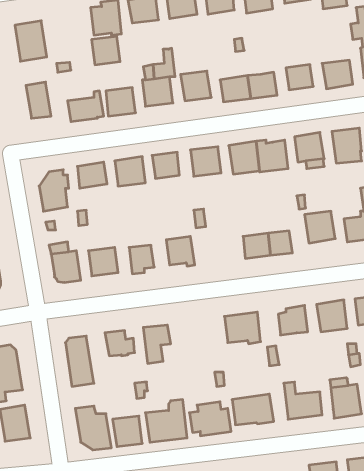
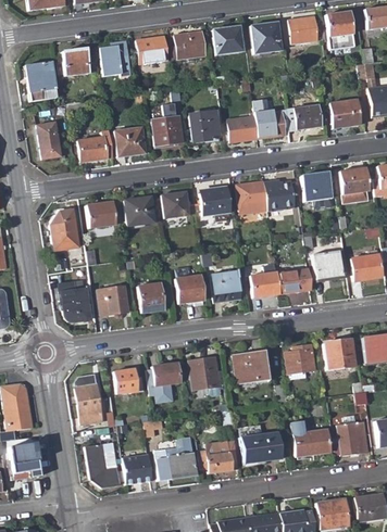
building: [92,36,120,65] -> [62,48,90,76]
building: none -> [211,268,241,303]
building: none -> [189,356,226,395]

